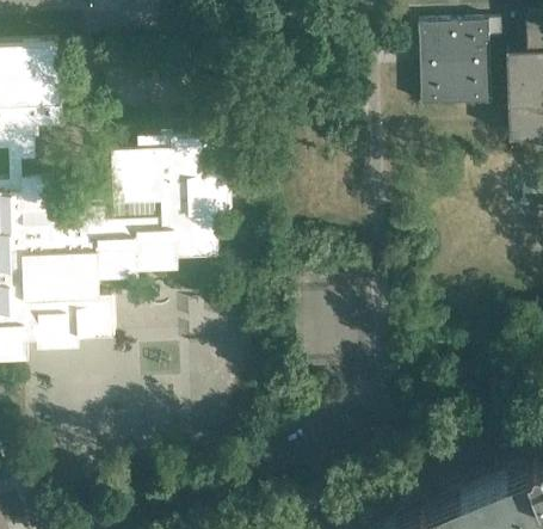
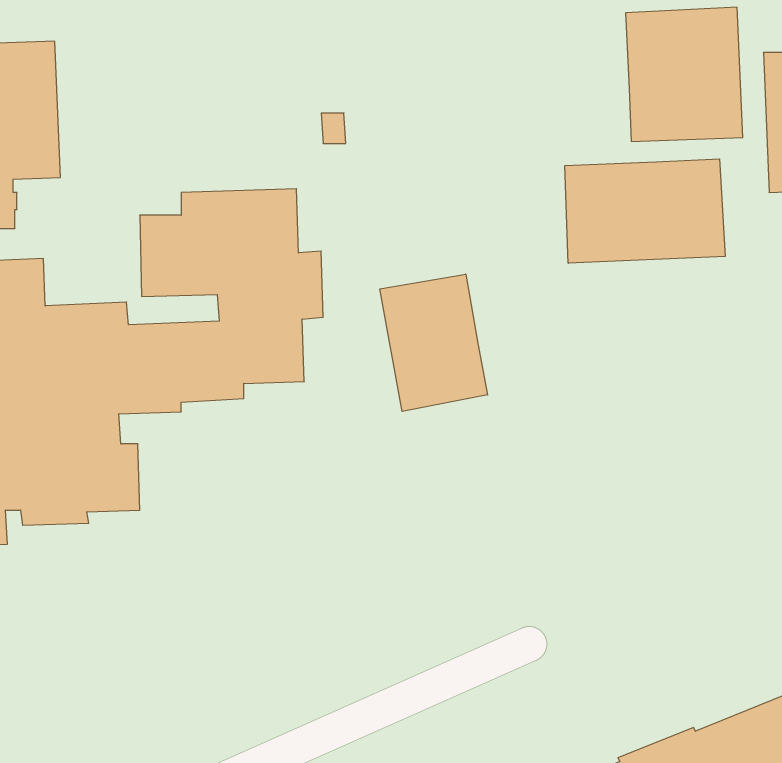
building: none -> [565,159,725,263]
building: none -> [380,274,488,411]

